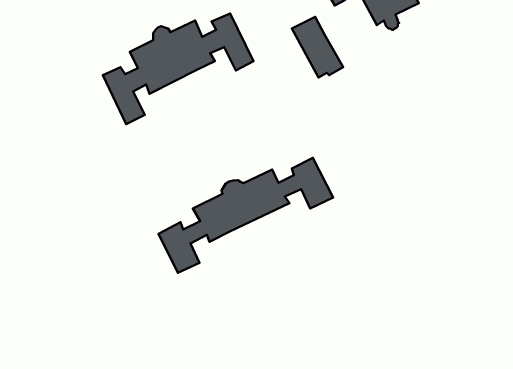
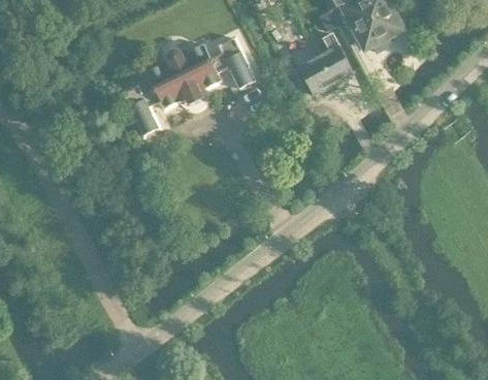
building: none -> [319,33,354,85]
building: [158,158,333,273] -> none

